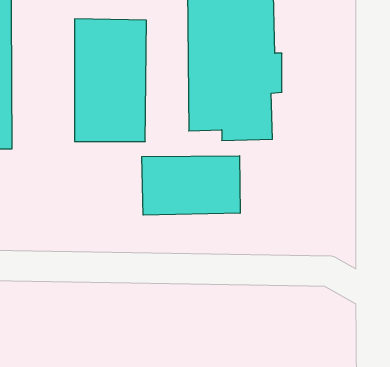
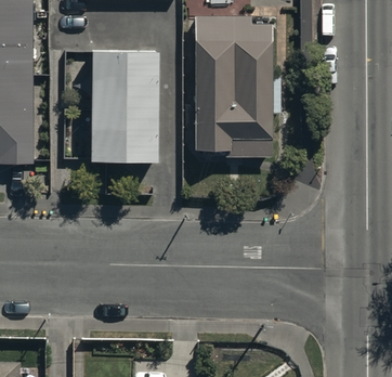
building: [142,156,240,215] -> none

